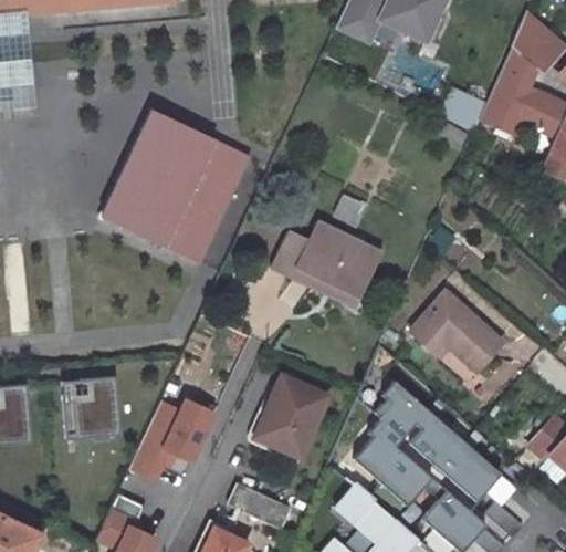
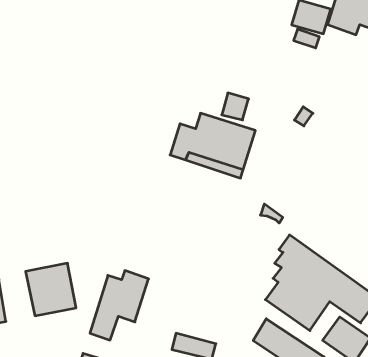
building: [97,104,245,257] -> none
building: [405,288,497,367] -> none
building: [253,375,322,455] -> none

